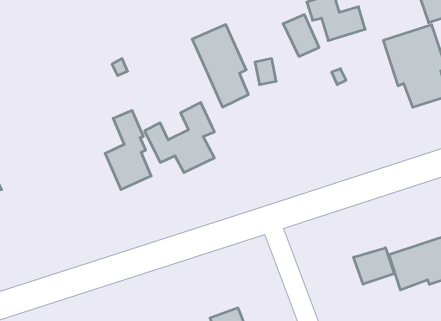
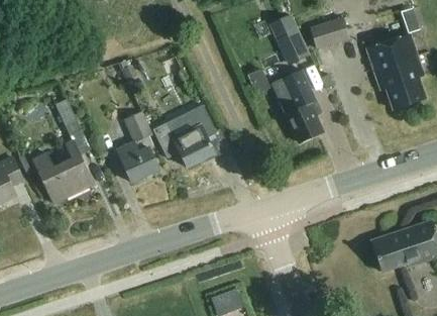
building: [192,25,248,107] -> [271,69,322,142]
building: none -> [32,98,93,203]
building: [354,248,394,284] -> none

